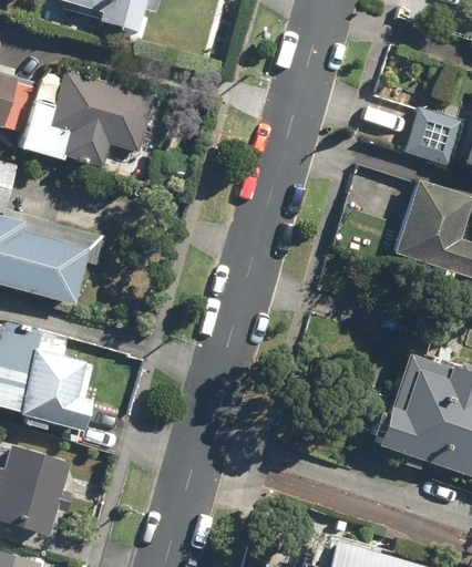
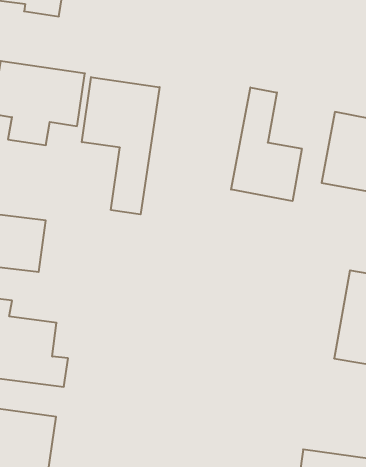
building: none -> [82,77,160,214]
building: [400,113,453,162] -> none
building: none -> [231,87,302,201]

